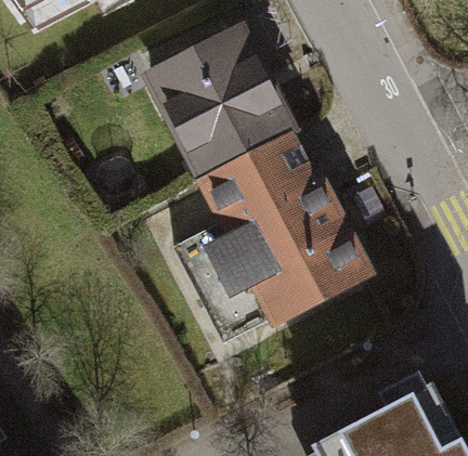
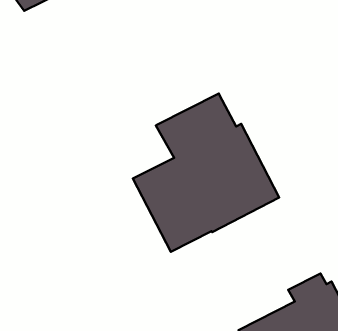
building: [154,32,295,177] -> none

